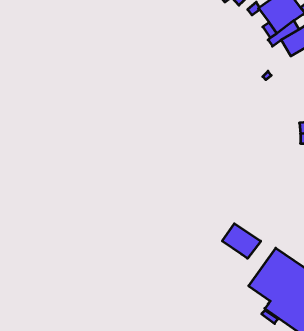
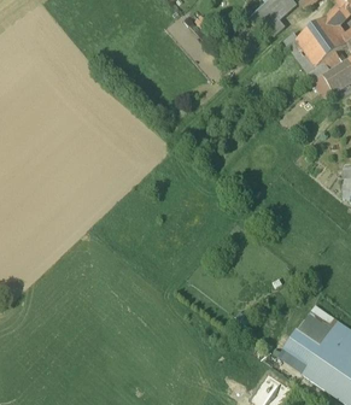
building: [222,224,261,258] -> none

